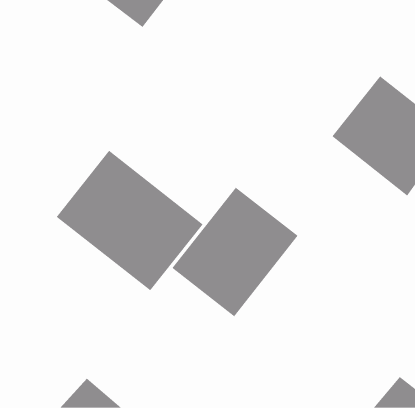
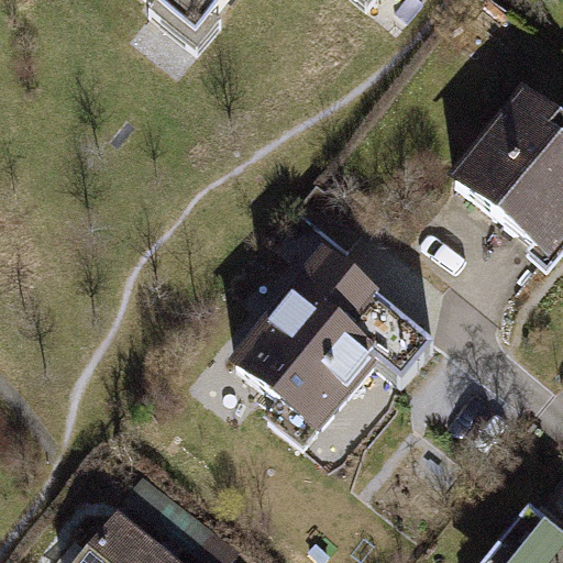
building: [56,150,204,291] -> none

